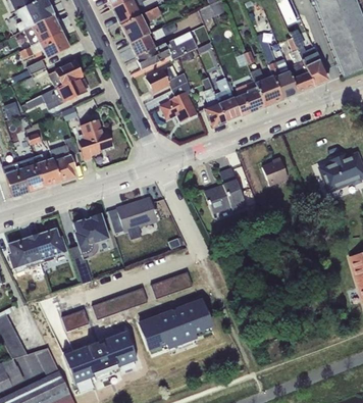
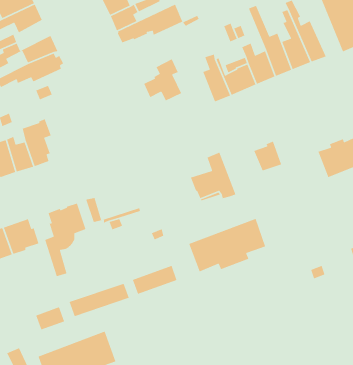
building: [146,65,187,92] -> none
building: [201,77,225,128] -> none
building: [77,119,111,160] -> none
building: [116,198,157,230] -> none
building: [139,300,210,350] -> [188,218,266,272]

